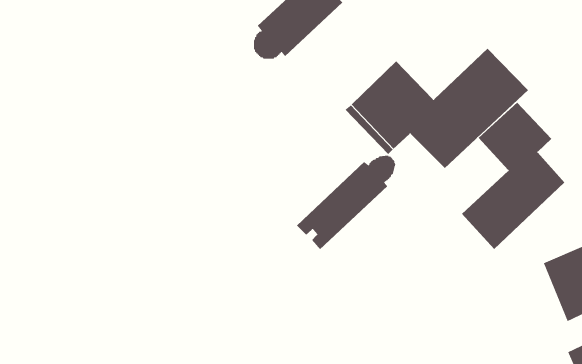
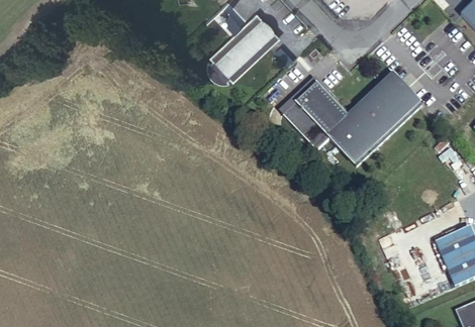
building: [461,102,565,250] -> none
building: [296,155,396,250] -> none

